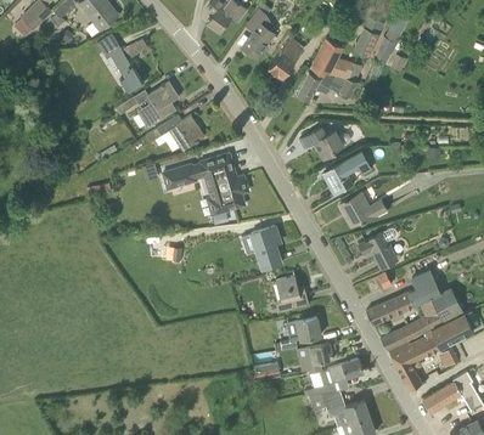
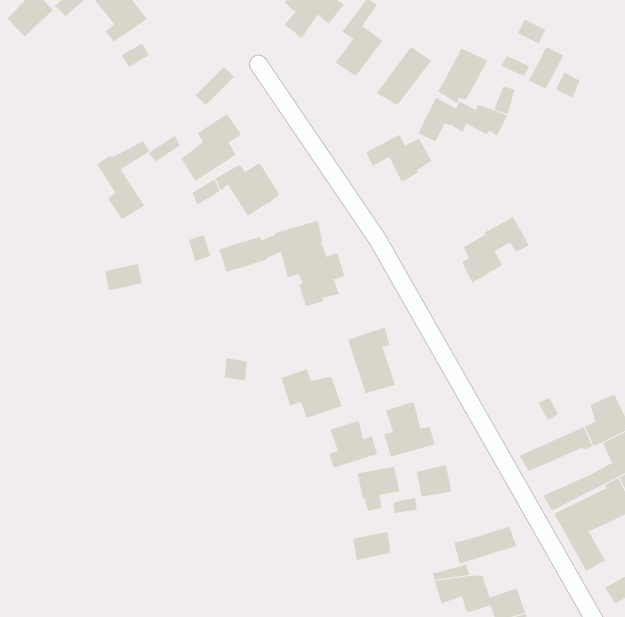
building: [112,40,148,94] -> [96,140,150,220]
building: [299,126,344,159] -> [365,134,432,183]
building: [339,192,388,225] -> none
building: [359,228,398,269] -> none
building: none -> [281,368,342,419]
building: none -> [329,420,378,468]
building: [304,343,333,373] -> [357,466,400,511]

